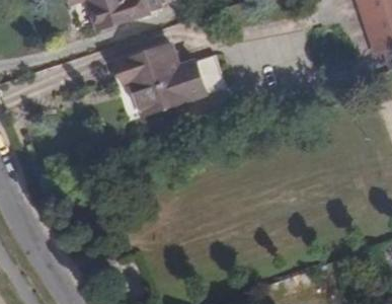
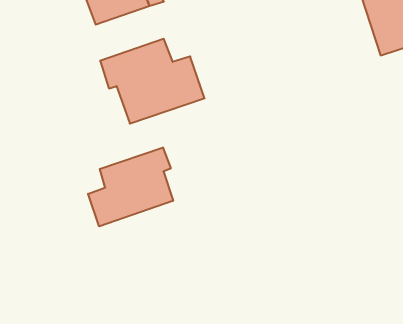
building: none -> [88,147,173,226]

